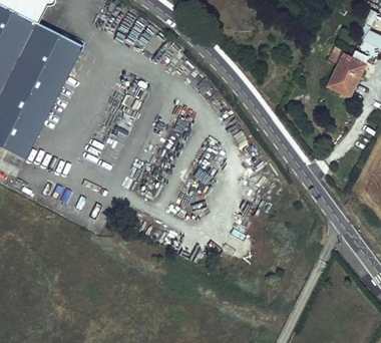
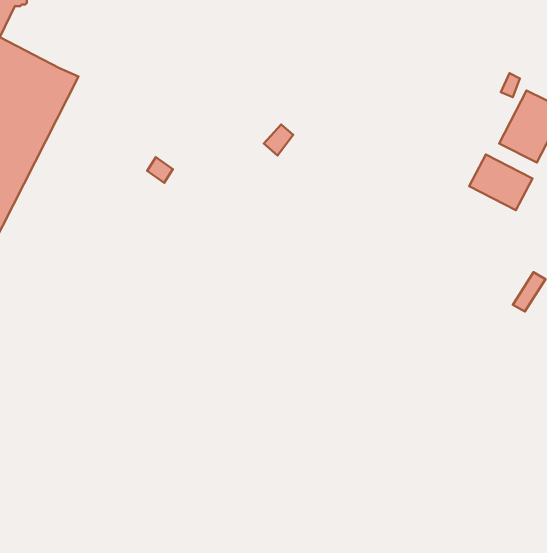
building: none -> [469,155,533,210]

